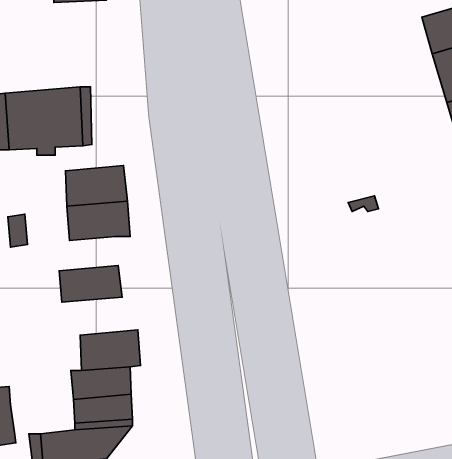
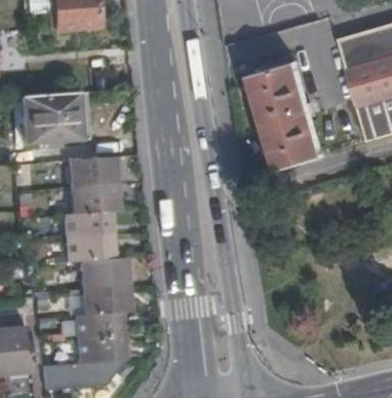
building: none -> [256,62,326,167]
building: none -> [60,210,107,237]
building: none -> [75,257,122,287]

